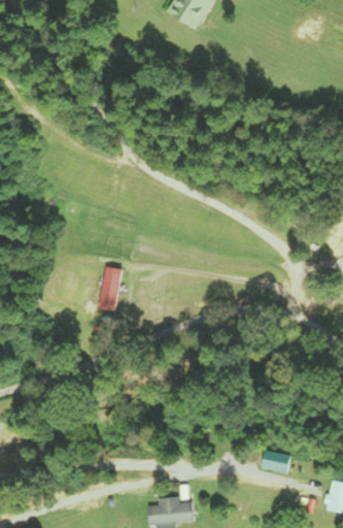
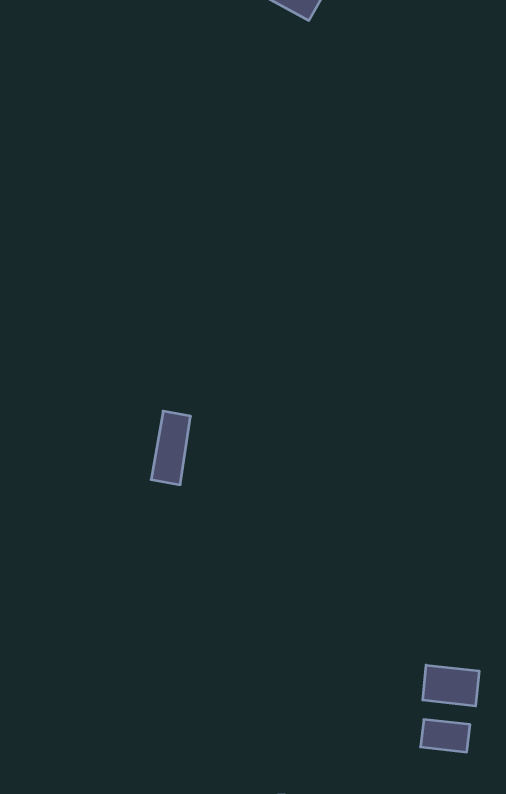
building: none -> [423,665,479,706]

